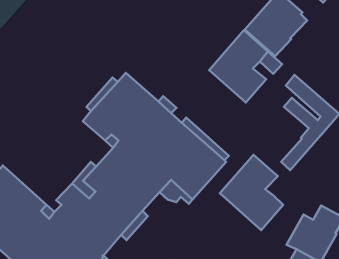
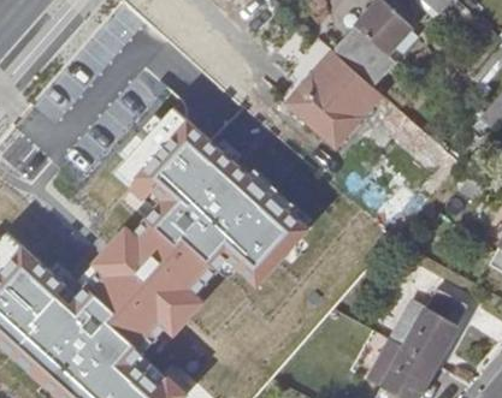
building: [220,155,283,230] -> none

